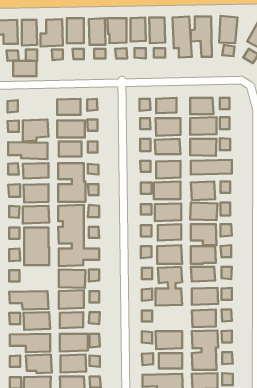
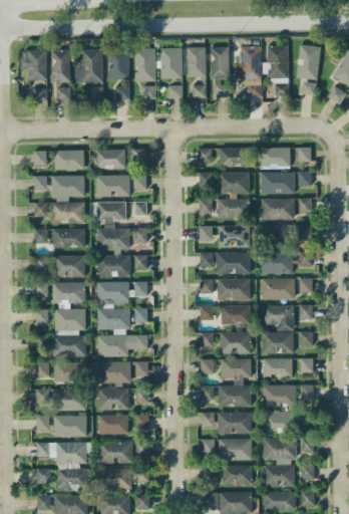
building: [13,61,37,76] -> [55,151,84,170]
building: none -> [54,361,84,380]
building: none -> [218,412,252,435]

